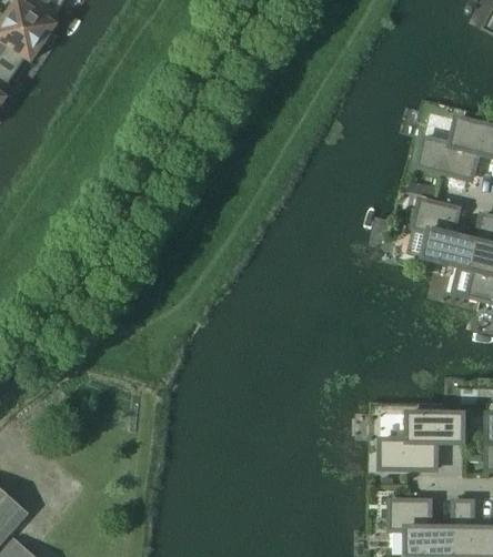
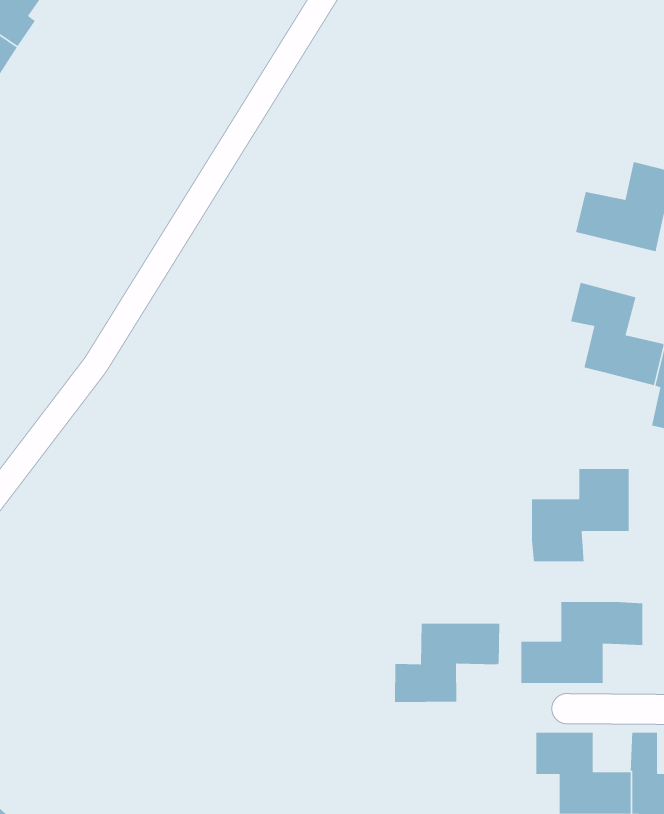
building: none -> [531,468,630,562]
building: none -> [394,623,500,703]

